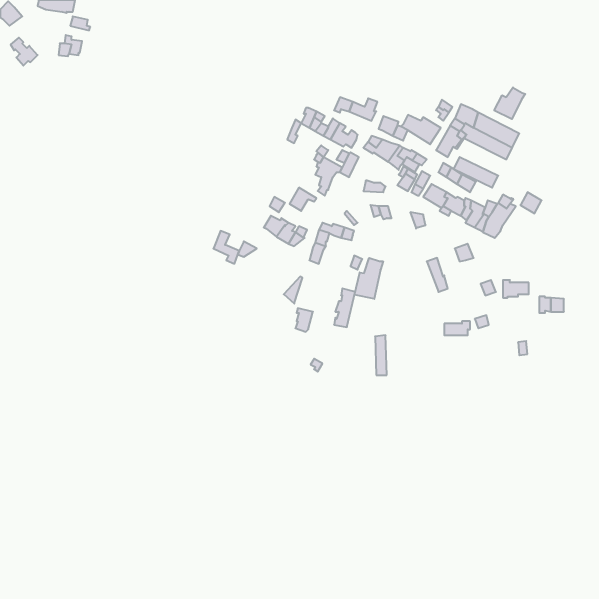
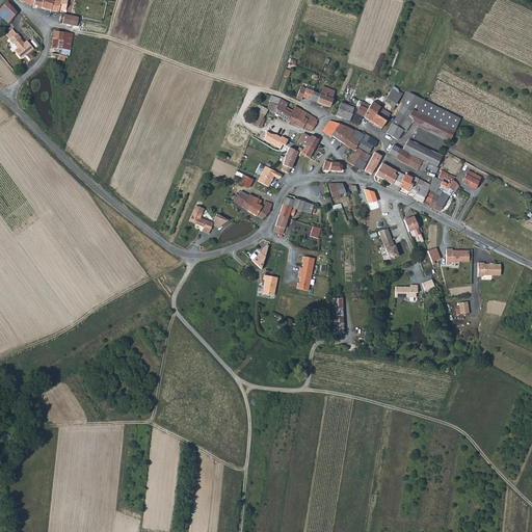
building: [494,87,525,119] -> none
building: [354,258,383,299] -> none

